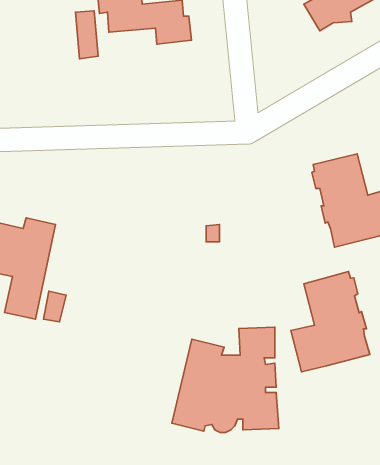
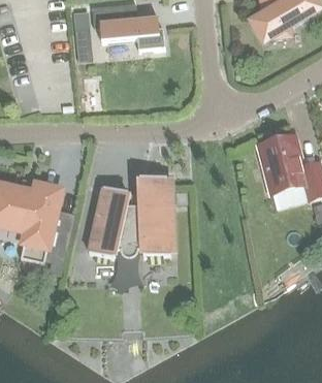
building: [291,272,370,372] -> none
building: [172,327,279,432] -> [88,174,170,256]

